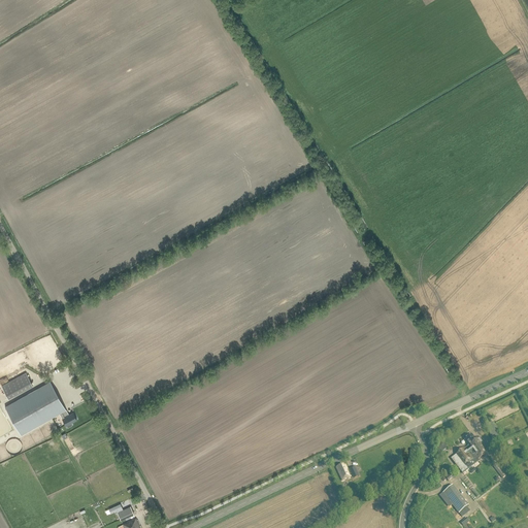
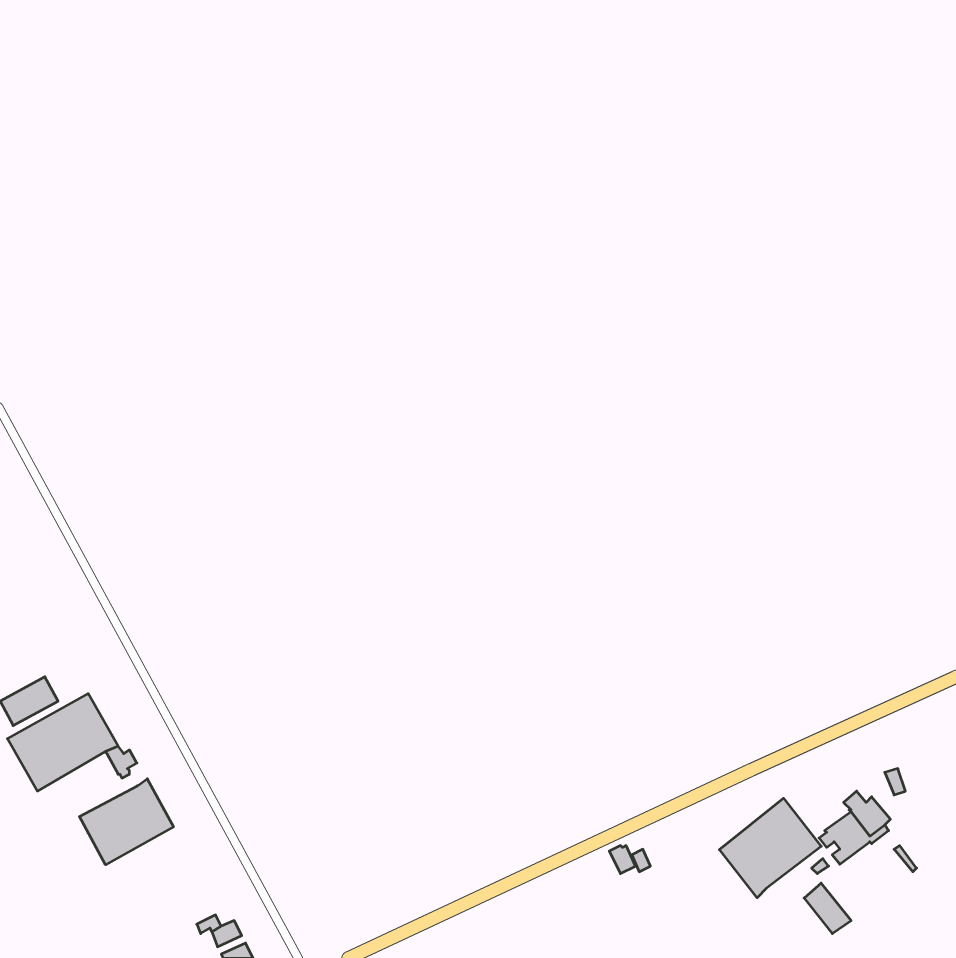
building: none -> [79,779,173,865]
building: none -> [719,798,821,898]

